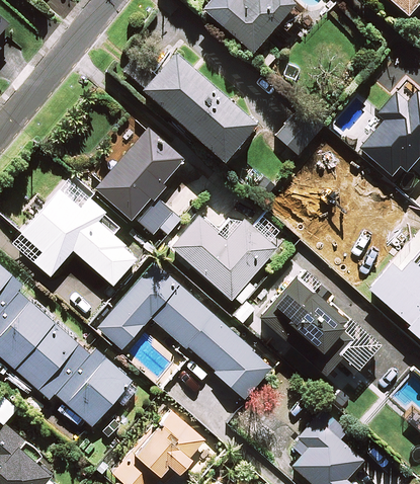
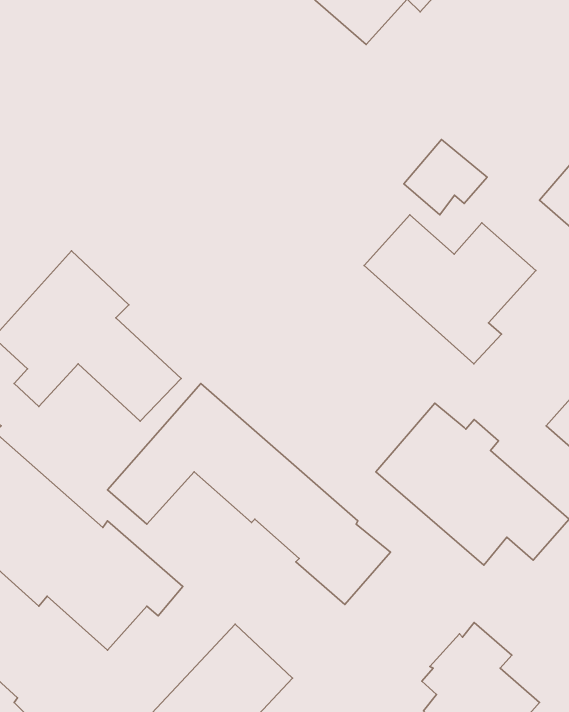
building: [125,54,258,162] -> none
building: [98,129,186,237] -> none
building: [173,216,279,308] -> [364,215,536,364]

